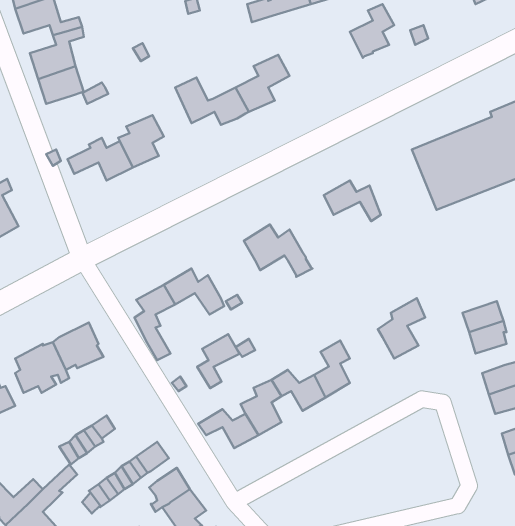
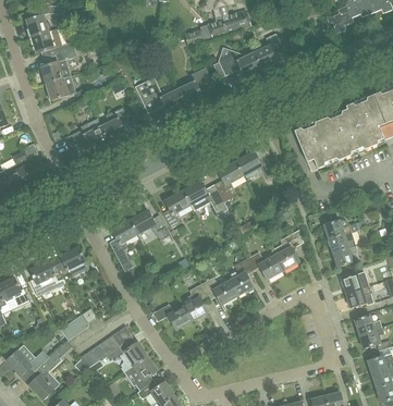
building: none -> [217,51,261,76]
building: none -> [212,160,242,201]
building: none -> [322,219,358,238]
building: none -> [246,250,282,278]
building: [197,334,240,388] -> [161,190,189,226]

